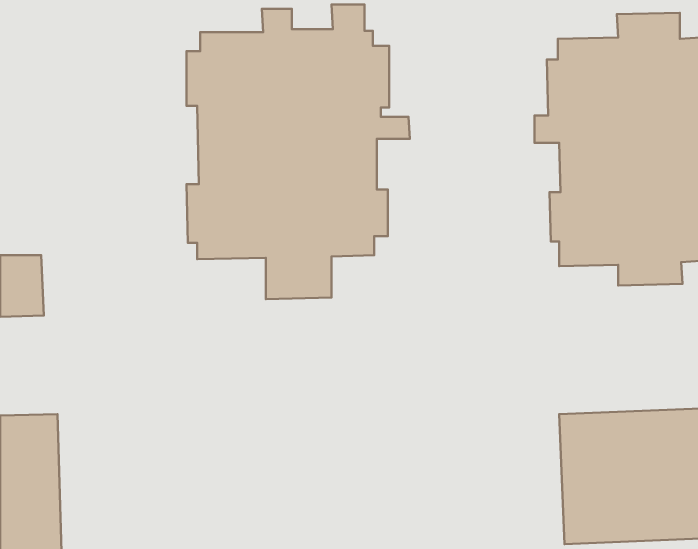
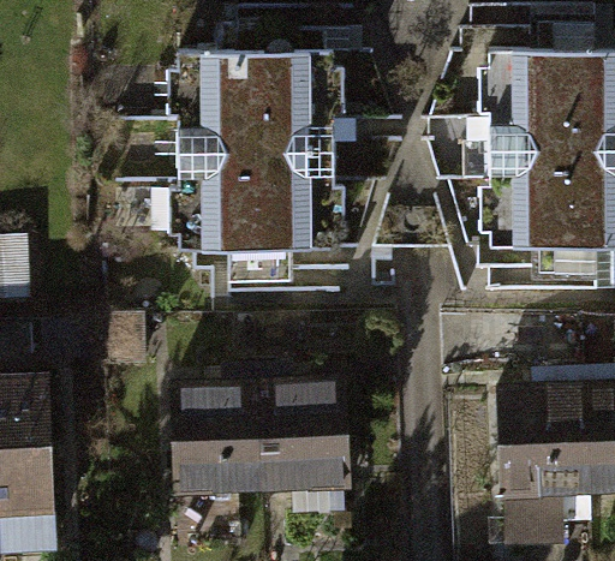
building: none -> [169,363,352,496]

